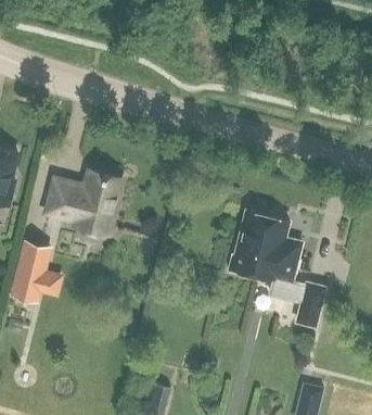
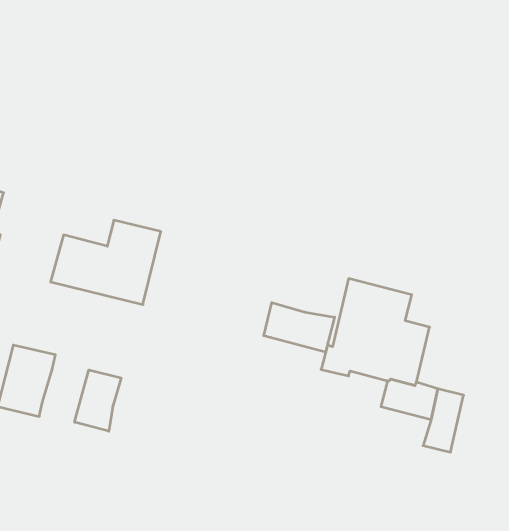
building: none -> [264,303,335,352]
building: none -> [75,370,121,431]

